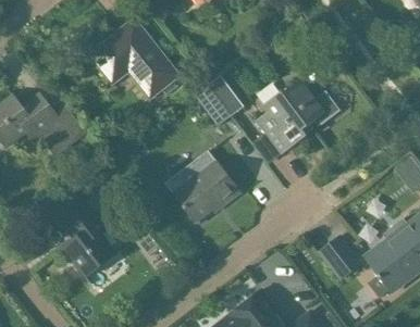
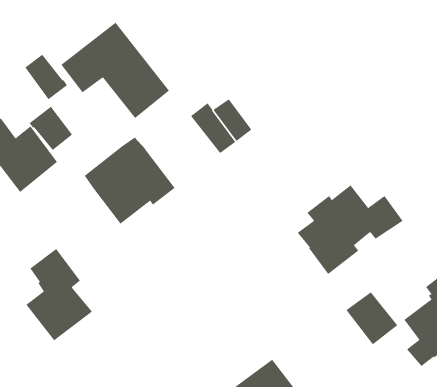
building: none -> [25,54,68,100]
building: [256,81,342,154] -> [297,184,404,275]
building: none -> [29,106,73,151]
building: [165,151,239,222] -> [84,137,176,224]

